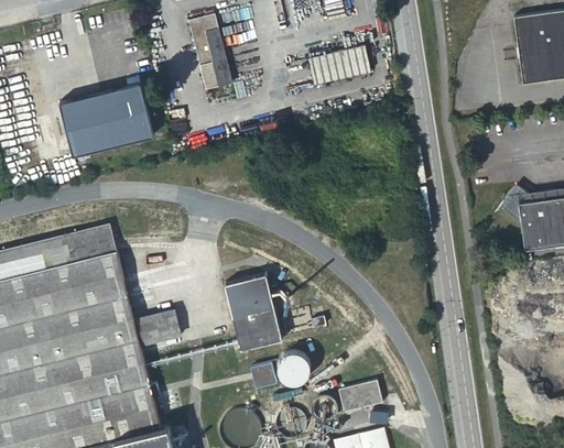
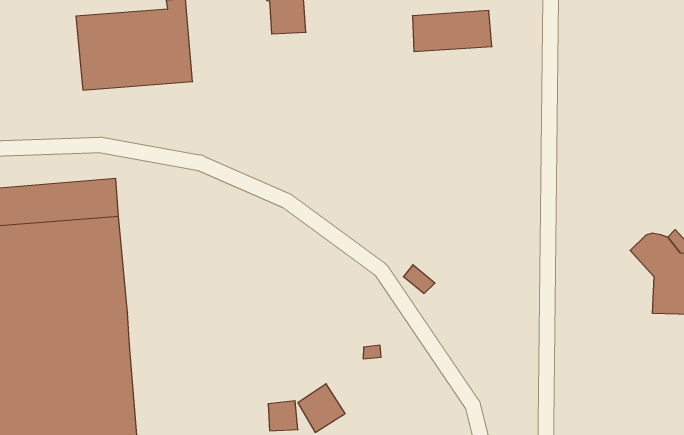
building: [224,270,284,349] -> none
building: [133,309,180,343] -> none

